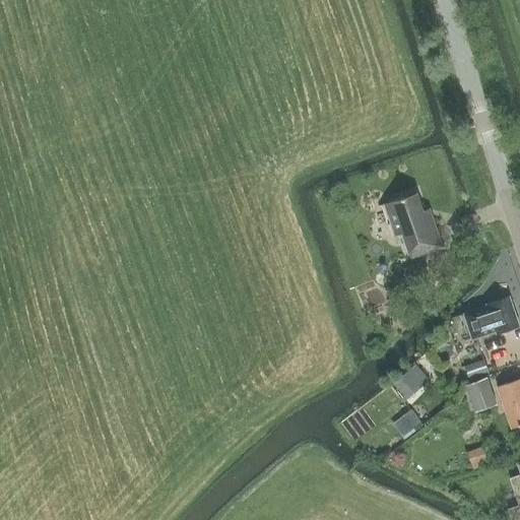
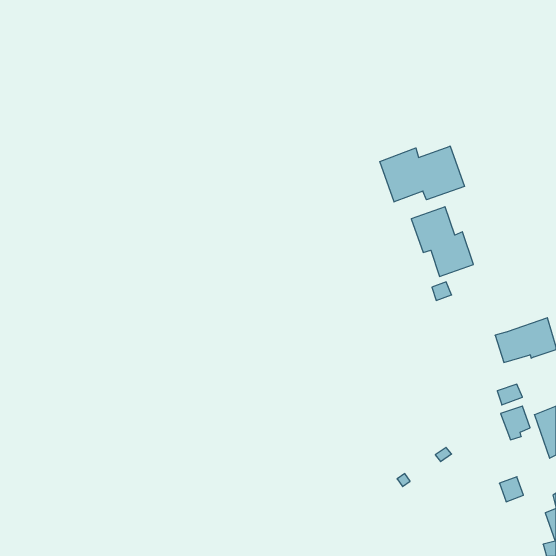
building: none -> [380,146,464,202]
building: [393,364,430,399] -> none

